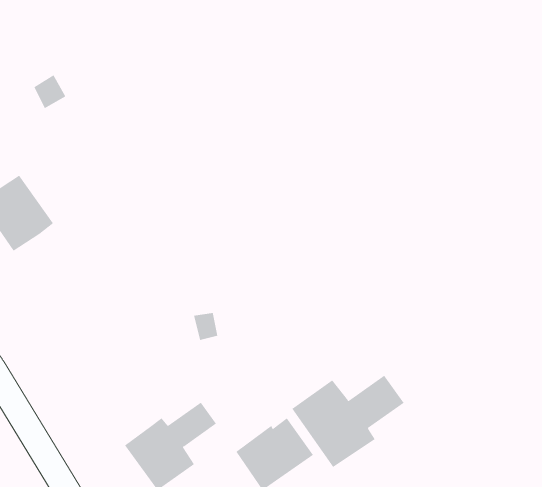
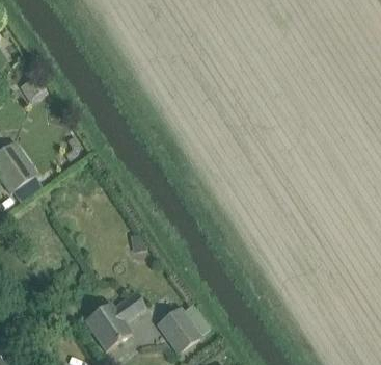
building: [292,375,404,468] -> none

